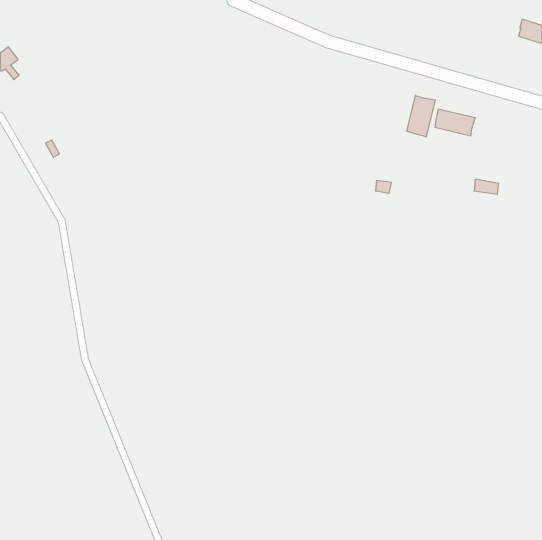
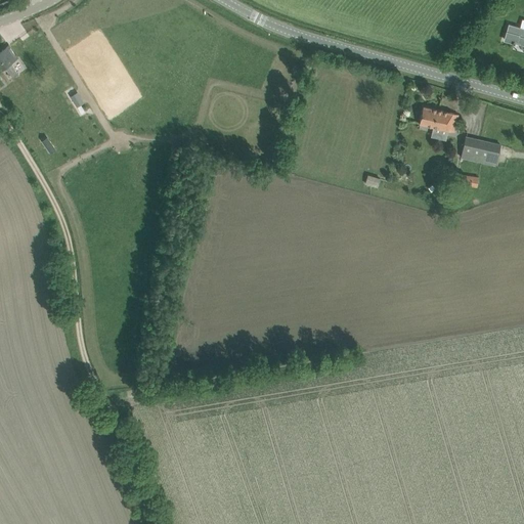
building: [407,95,435,137] -> none
building: none -> [461,137,499,167]

